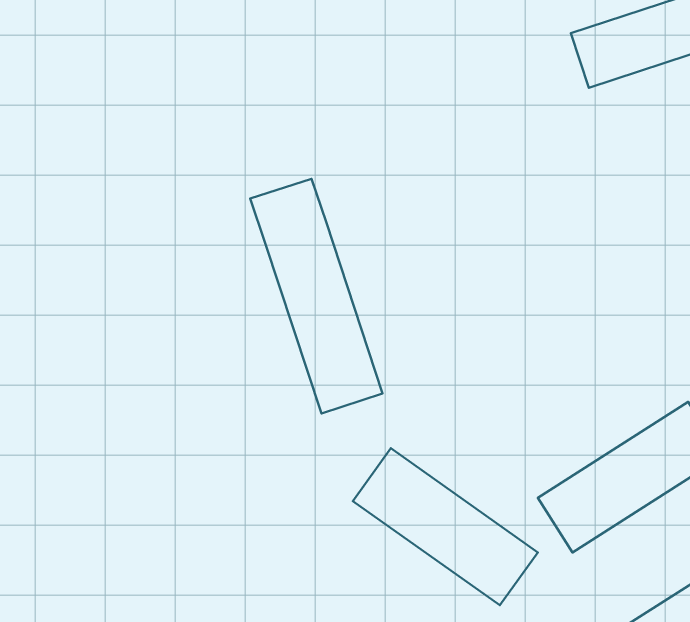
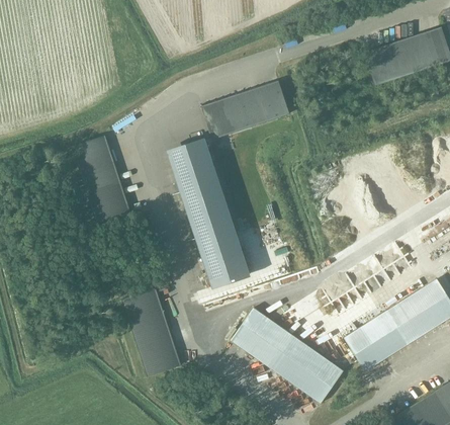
building: none -> [201,80,289,140]
building: none -> [71,135,130,224]
building: none -> [121,287,181,376]

